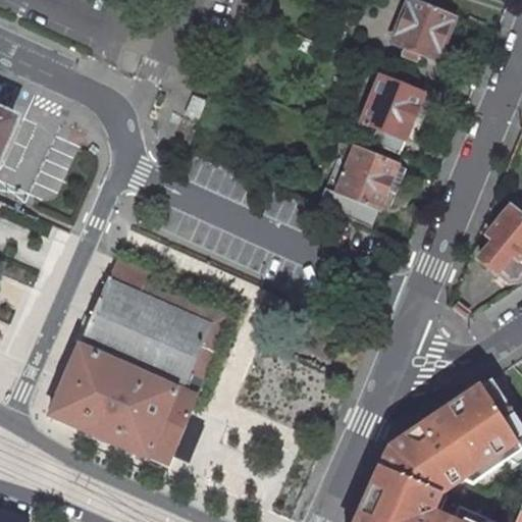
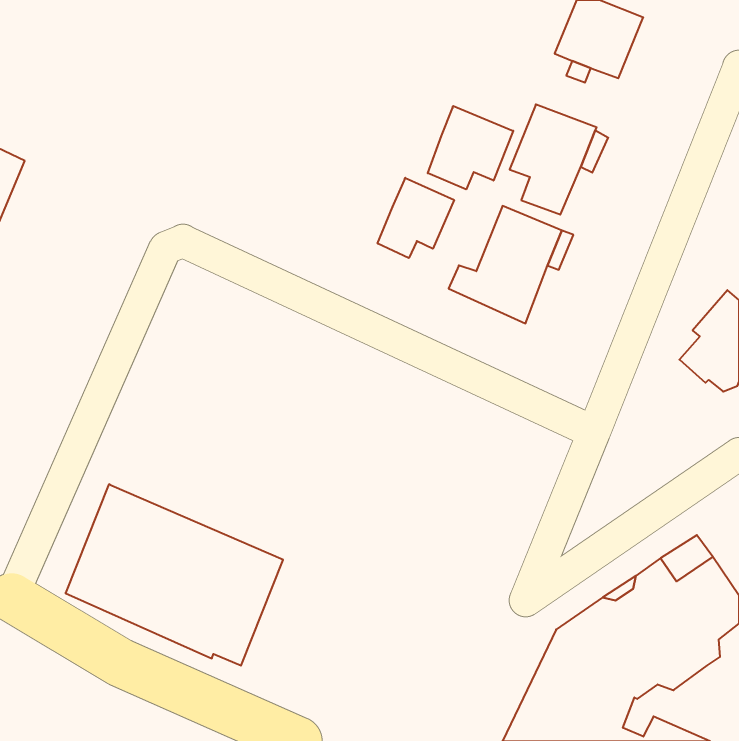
building: none -> [428,106,513,189]
building: none -> [378,178,454,258]
building: [79,259,234,394] -> none

